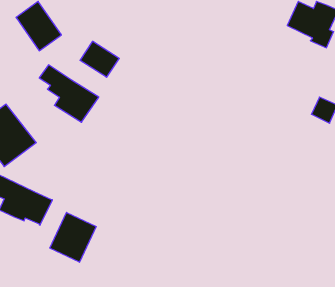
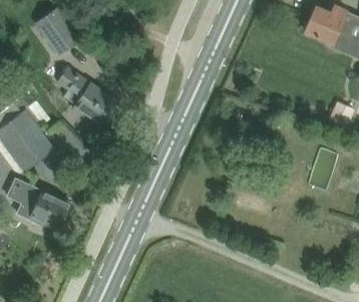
building: [80,41,119,77] -> none
building: [50,212,96,262] -> none

